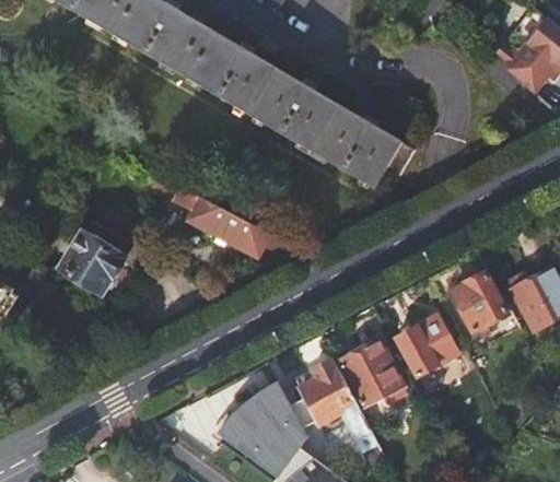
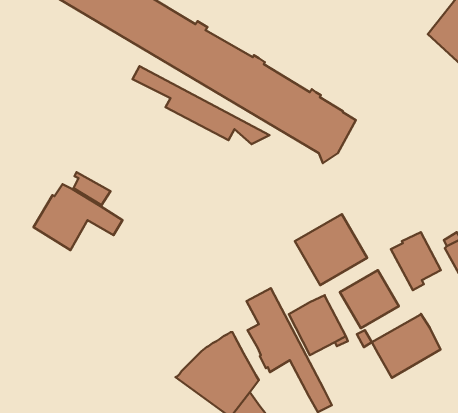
building: [151,176,301,261] -> [132,66,270,144]
building: none -> [295,214,367,285]
building: none -> [372,314,441,378]

